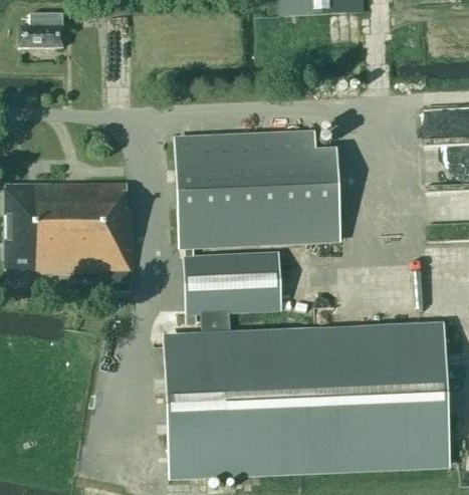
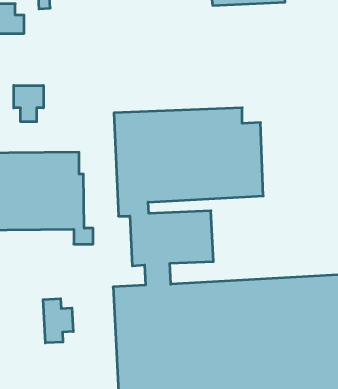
building: none -> [14,85,43,122]
building: none -> [43,299,73,343]

